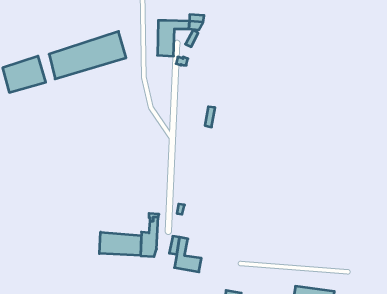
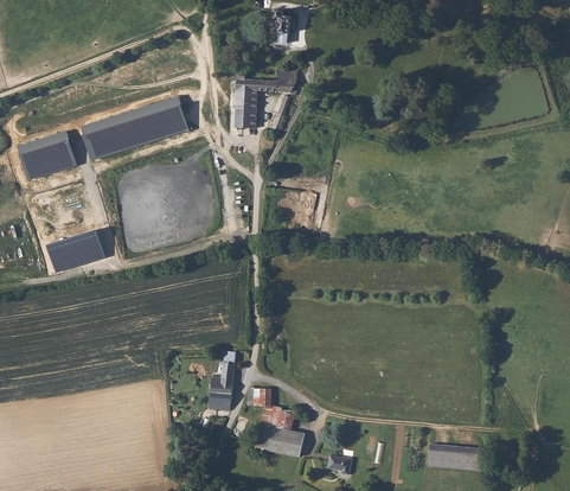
building: none -> [49,229,105,272]
building: [99,232,141,256] -> none
building: none -> [254,425,303,455]

